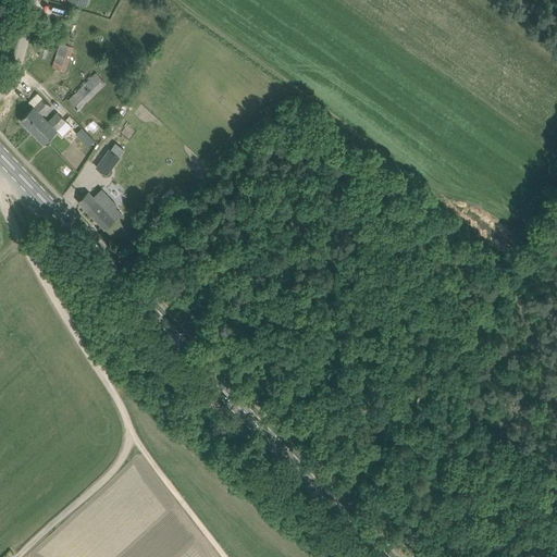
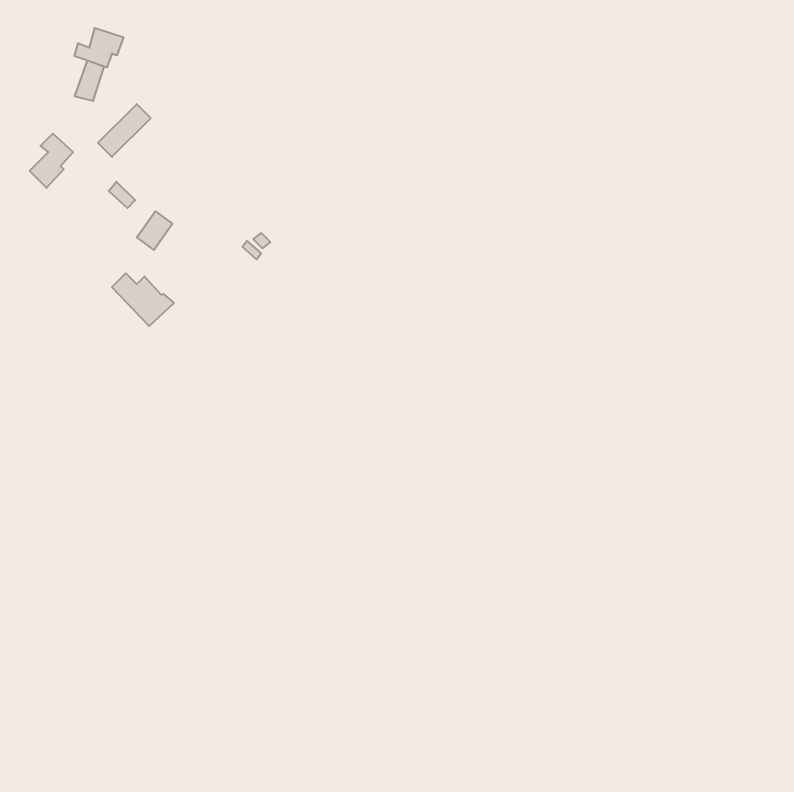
building: none -> [75,28,123,67]
building: [33,114,71,145] -> none

